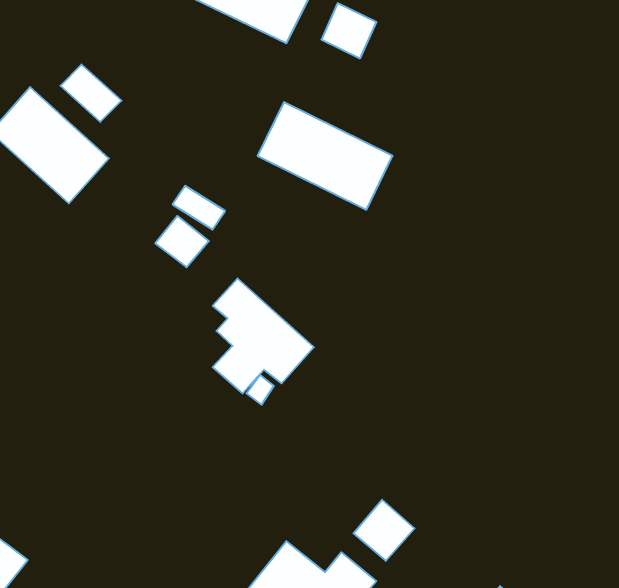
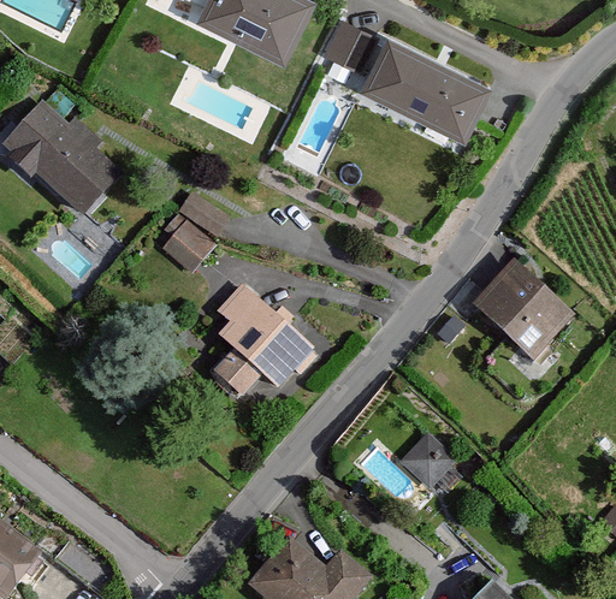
building: [60,64,122,122] -> none
building: [258,102,393,210] -> [362,35,492,138]
building: none -> [472,262,573,360]
building: [353,500,415,561] -> [396,433,455,492]

